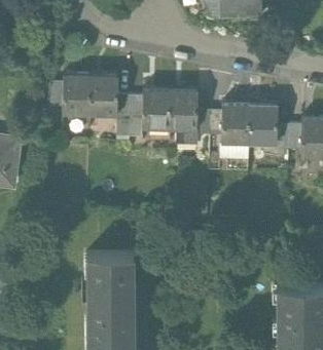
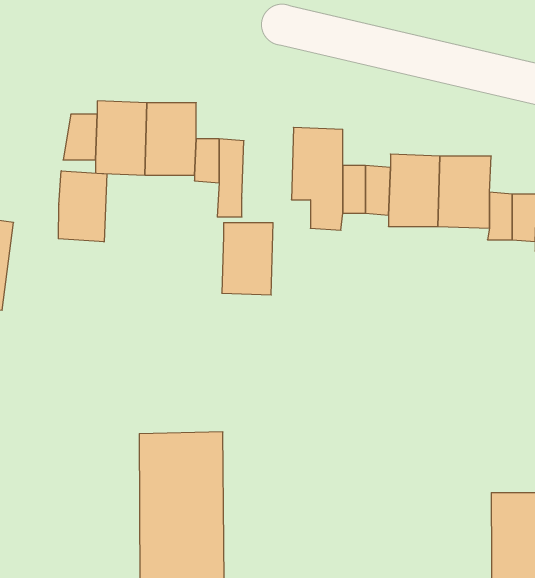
building: [142,89,170,128] -> [222,223,273,295]
building: none -> [58,171,107,242]

